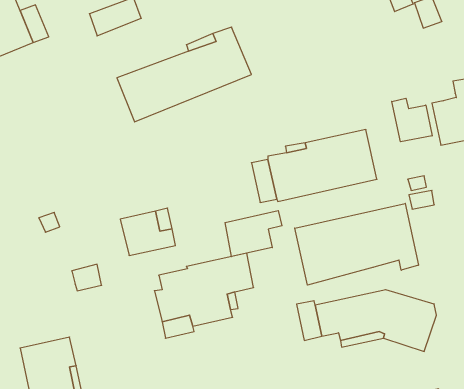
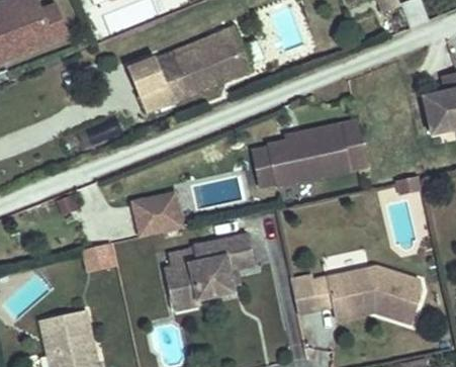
building: [392,98,432,142] -> none
building: [295,203,418,285] -> none
building: [225,211,282,257] -> none

